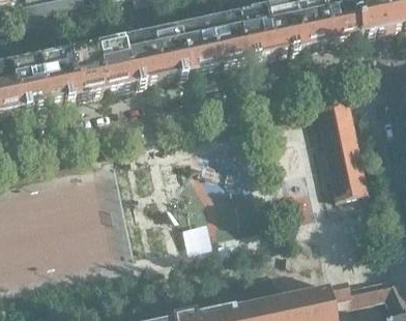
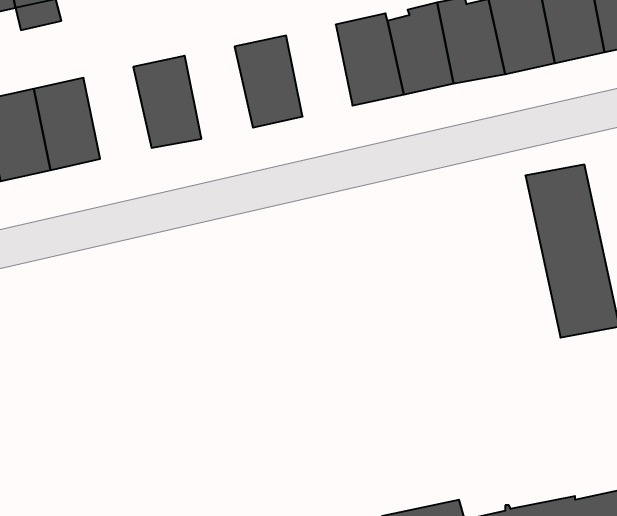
building: [181,18,219,69] -> none
building: [124,30,163,82] -> none
building: [67,41,106,93] -> none

